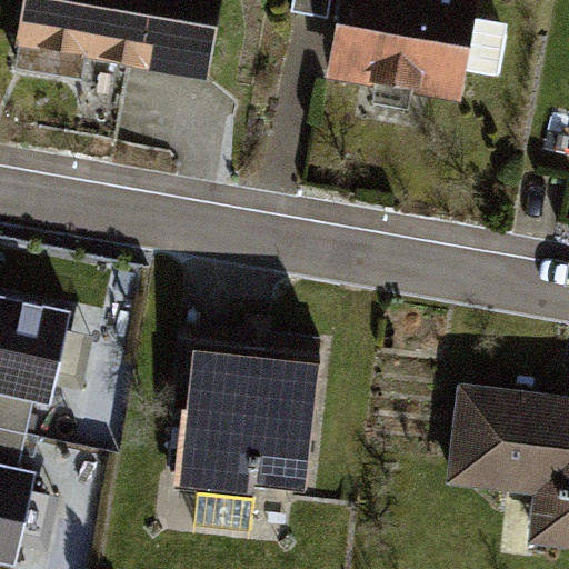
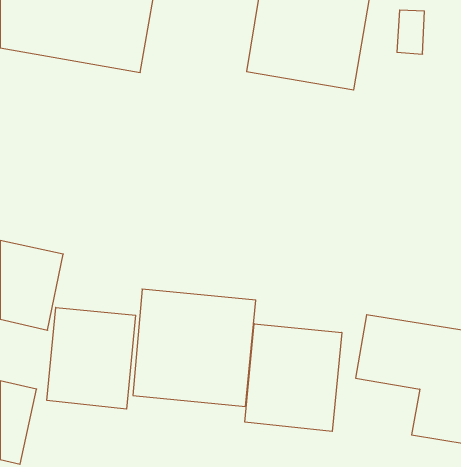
building: none -> [47,307,136,409]
building: none -> [245,324,342,431]

